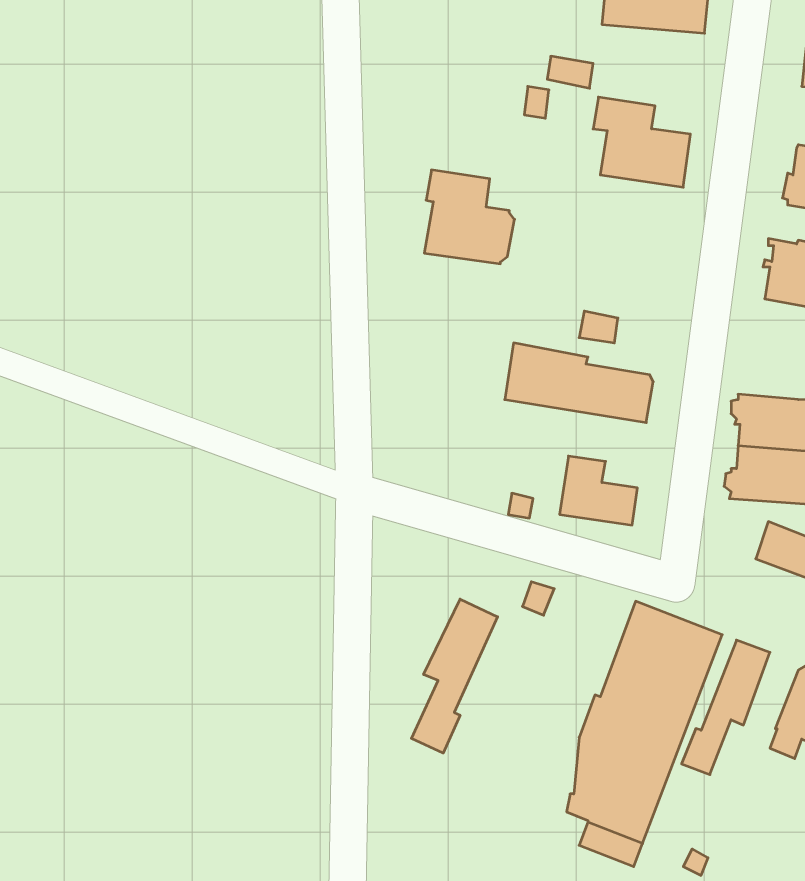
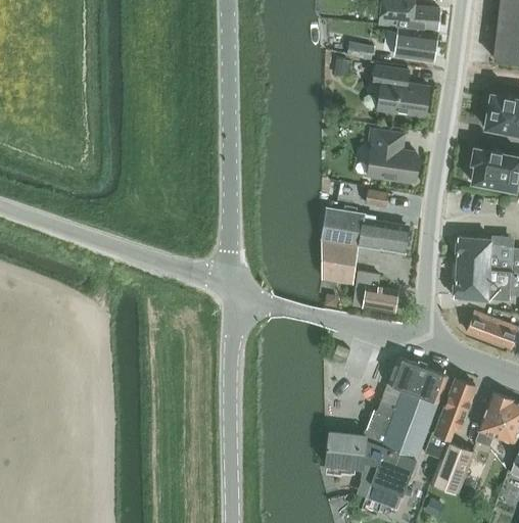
building: none -> [394,30,436,60]
building: [424,170,515,264] -> [367,129,419,183]
building: none -> [322,240,359,284]
building: [411,599,498,753] -> none
building: none -> [326,431,365,468]
building: none -> [431,441,474,494]

